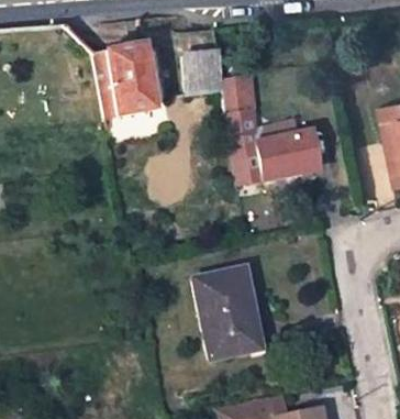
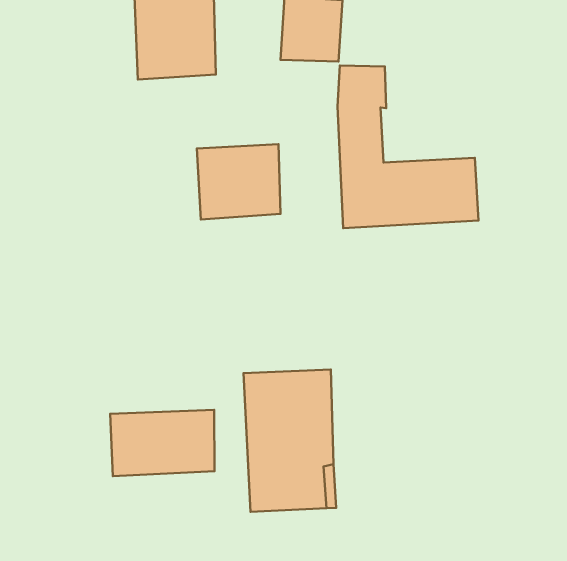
building: none -> [197,144,281,219]
building: none -> [110,410,214,476]

